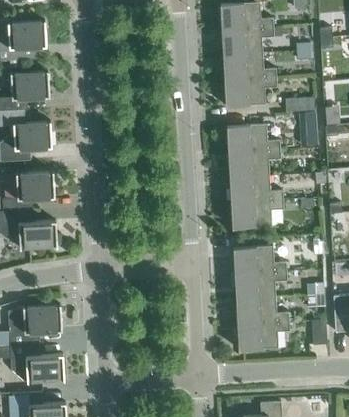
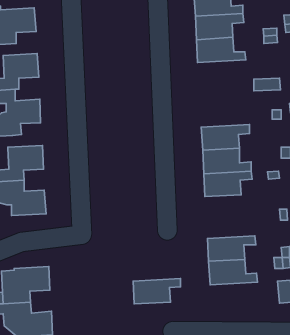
building: [223,78,276,107] -> none
building: [226,124,280,152] -> none
building: [232,246,286,274] -> none
building: [237,322,289,350] -> [133,278,181,304]

